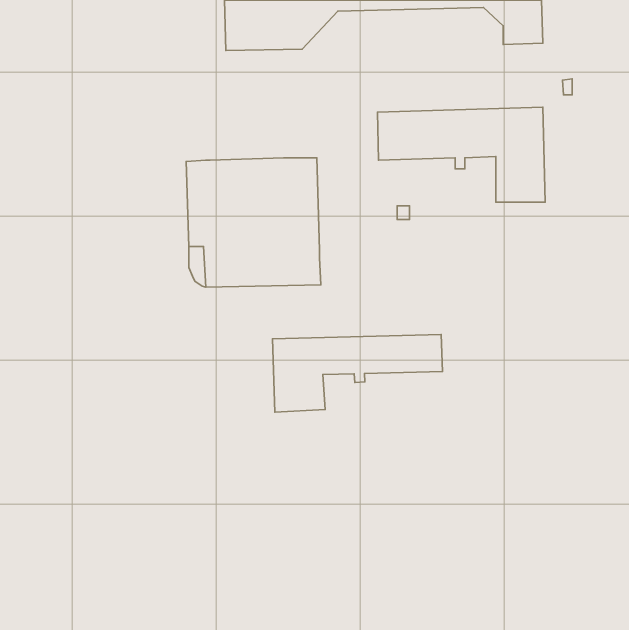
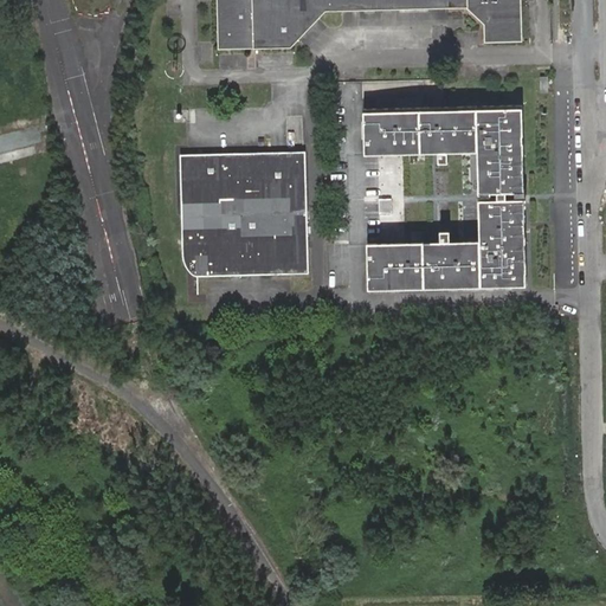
building: none -> [366,199,526,289]
building: [273,335,442,412] -> none

